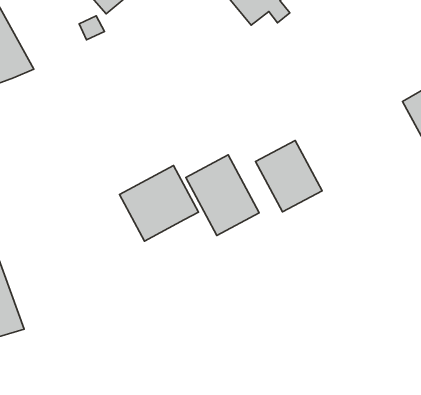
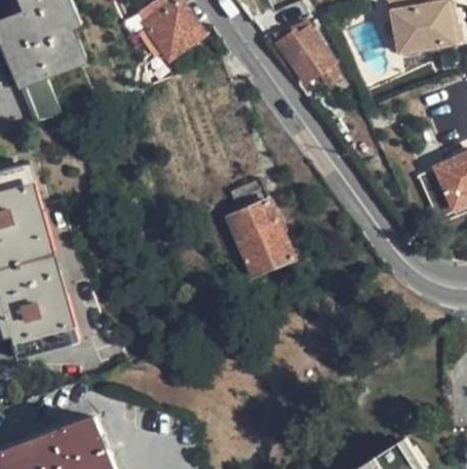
building: [256,140,322,212] -> none
building: [120,166,198,241] -> none

